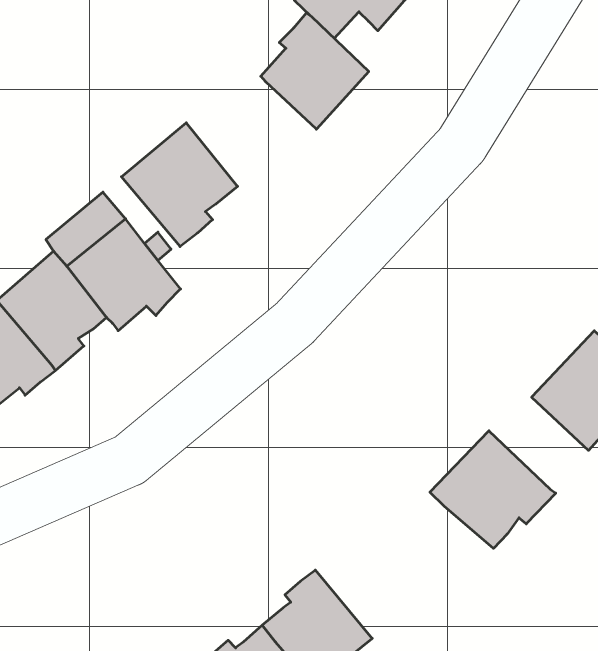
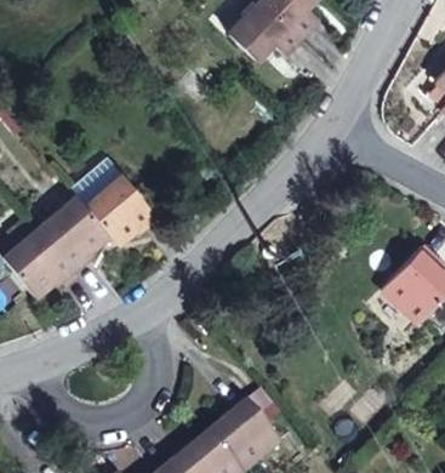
building: [261,13,369,129] -> none
building: [121,123,238,247] -> none
building: [430,431,556,548] -> none

